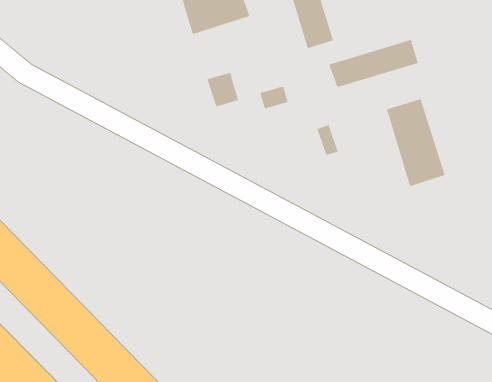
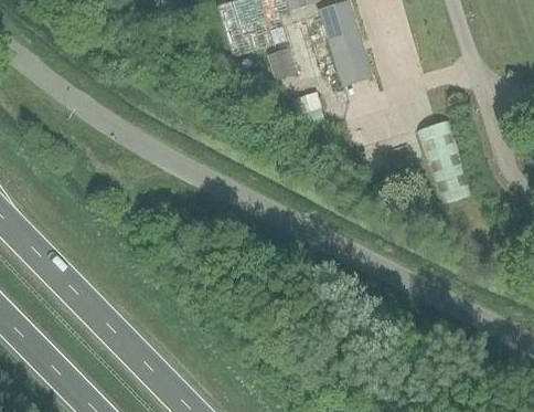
building: [328,39,418,88] -> none
building: [206,72,239,107] -> [266,46,297,80]

